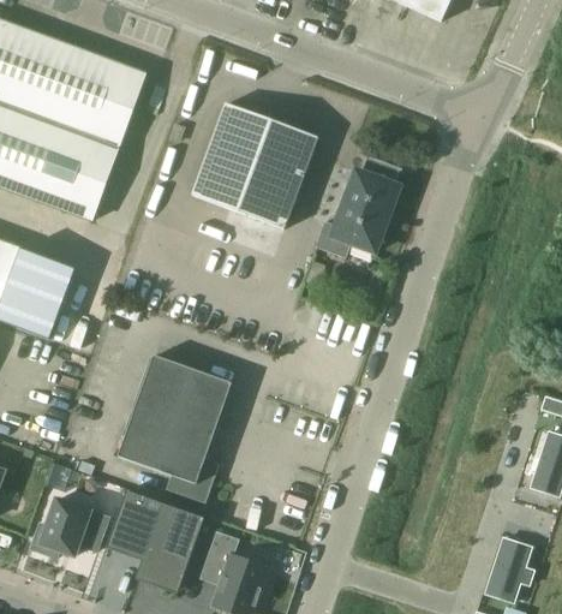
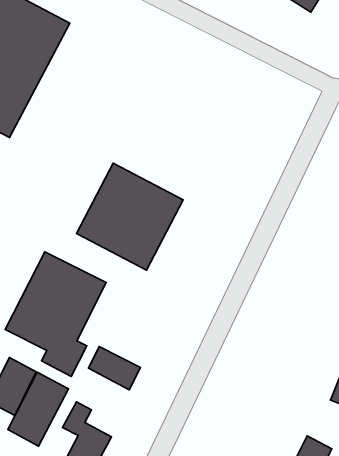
building: [195,103,319,228] -> [76,163,183,270]
building: [317,154,403,257] -> none
building: none -> [89,346,141,390]

